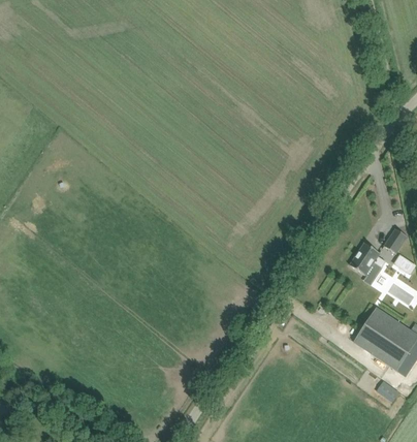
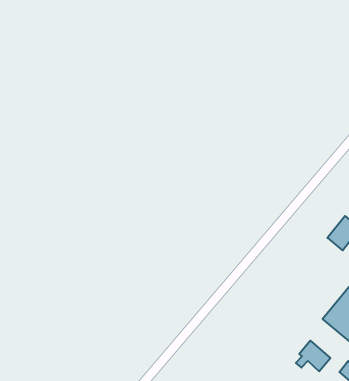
building: none -> [296,341,330,371]

